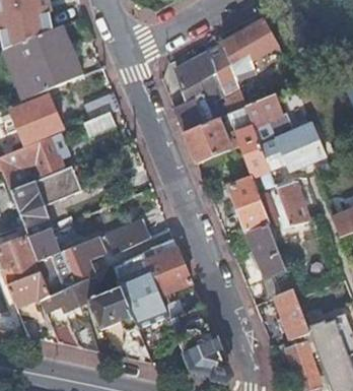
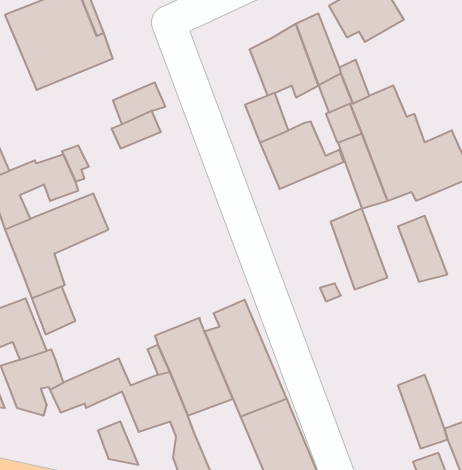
building: [10,96,62,144] -> none
building: [103,219,148,254] -> none
building: [245,223,293,300] -> none
building: [37,239,99,280] -> none

